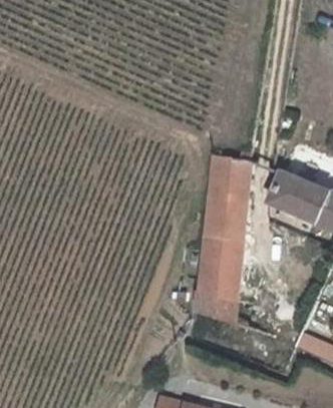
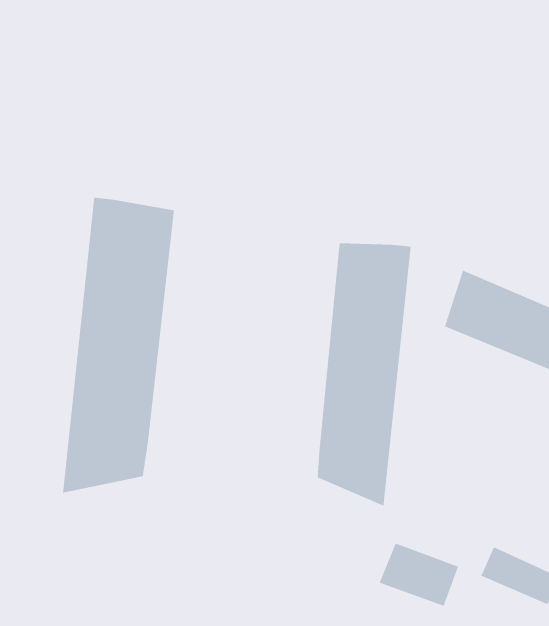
building: none -> [63,197,174,493]
building: [198,287,237,331] -> none

